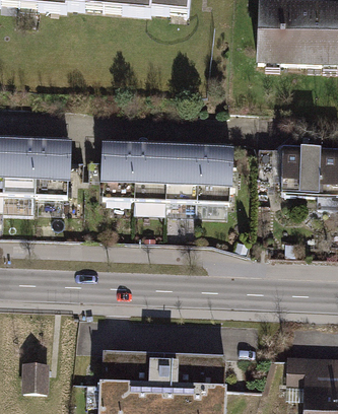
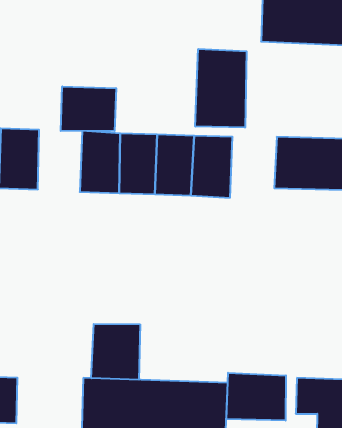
building: none -> [195,49,247,128]
building: none -> [61,86,116,131]
building: none -> [91,324,140,380]
building: none -> [227,373,286,421]

